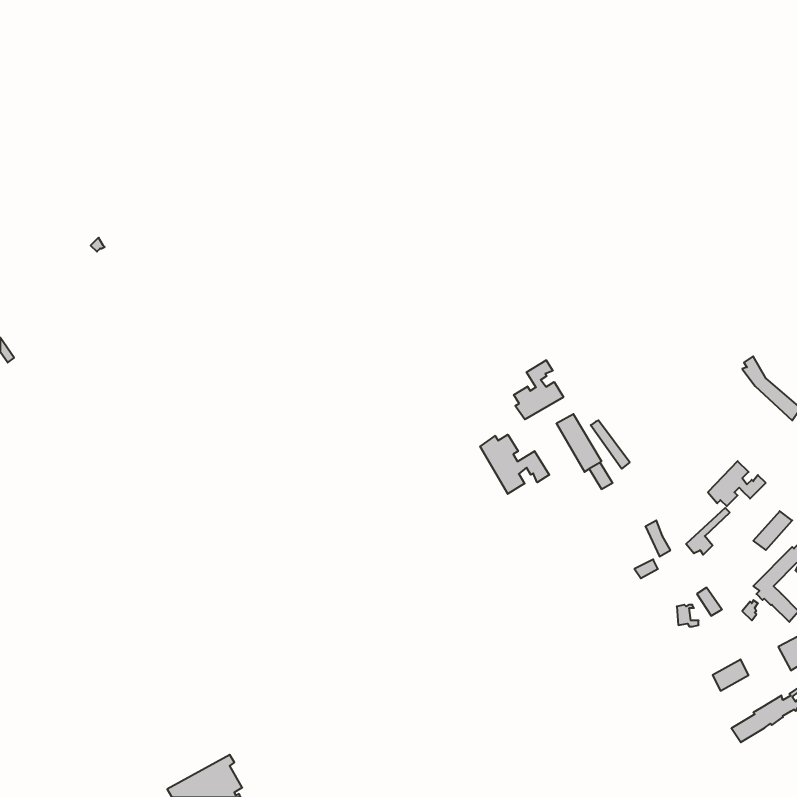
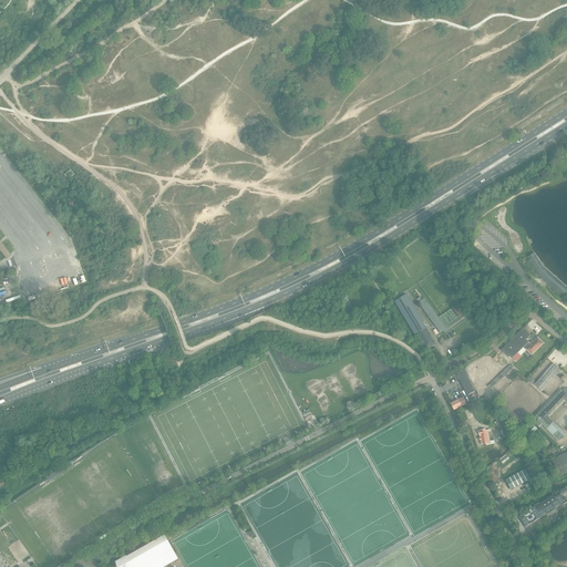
building: [514,360,563,419] -> none
building: [480,435,549,494] -> none

